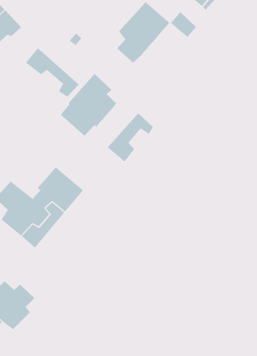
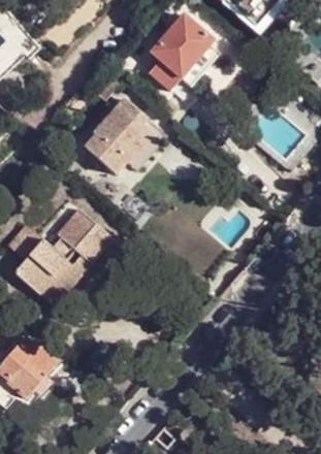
building: [25,48,79,98] -> none
building: [107,113,154,163] -> none

